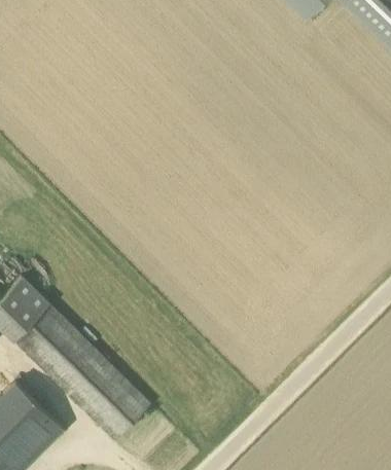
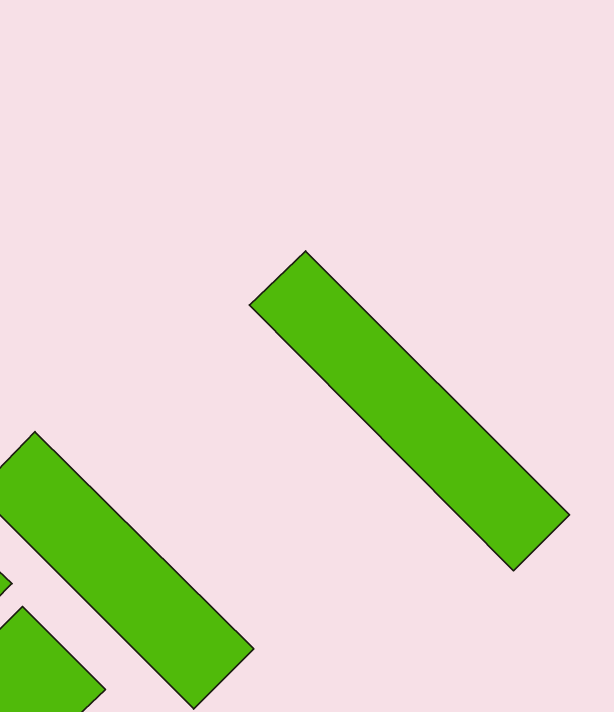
building: none -> [249,251,569,571]

